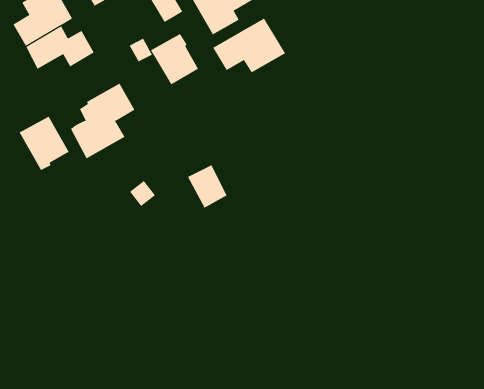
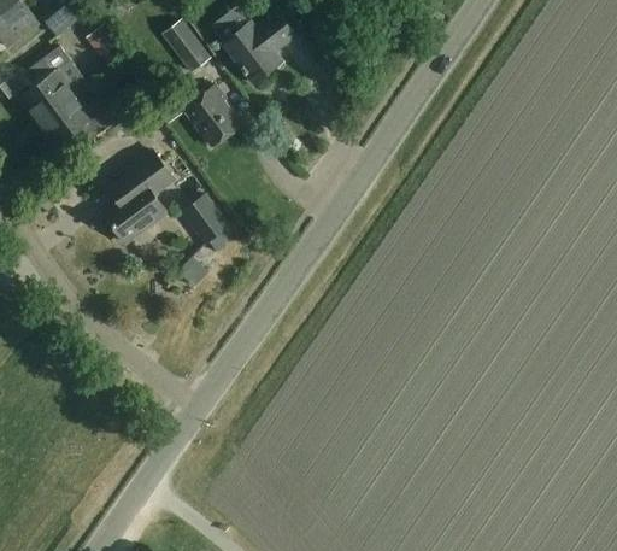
building: [213,18,286,73] -> none
building: [19,116,69,171] -> none
building: [187,164,228,208] -> [182,194,231,246]

